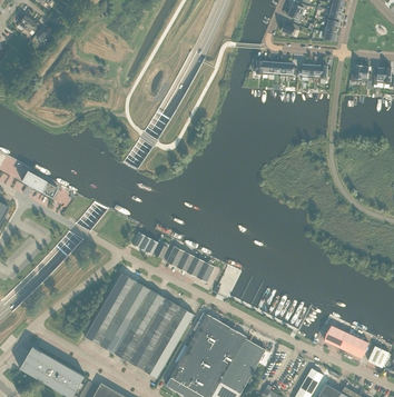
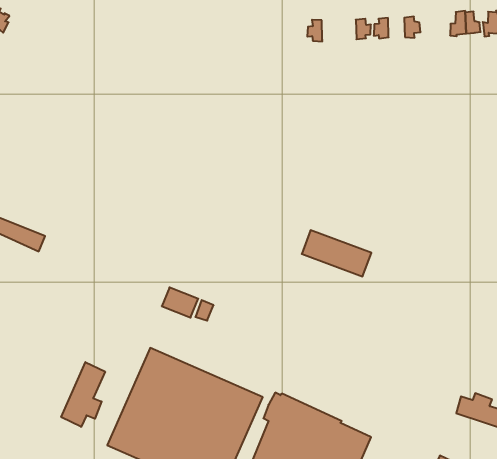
building: [166,247,214,282] -> [302,230,371,276]
building: none -> [61,362,105,427]

